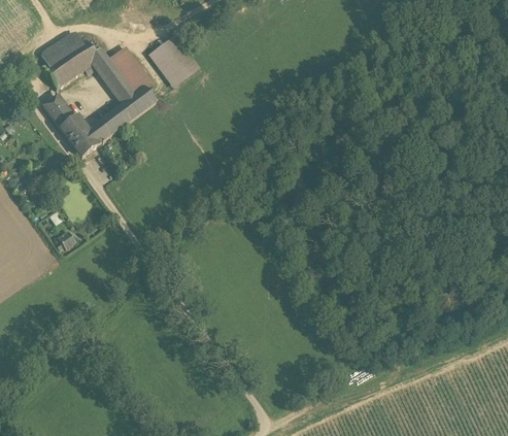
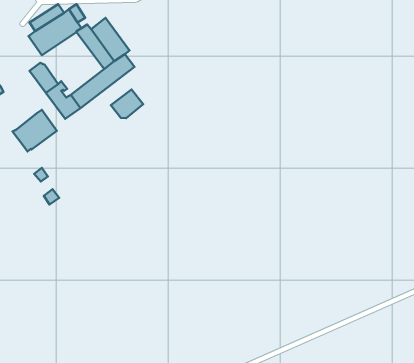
building: [149,37,199,88] -> none
building: none -> [111,90,143,118]
building: none -> [12,110,57,152]

